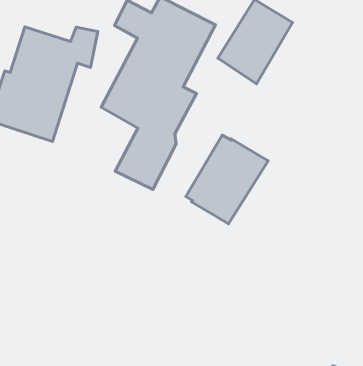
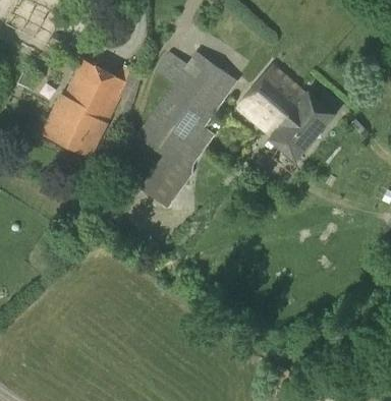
building: [186,135,268,224] -> [264,87,335,160]

